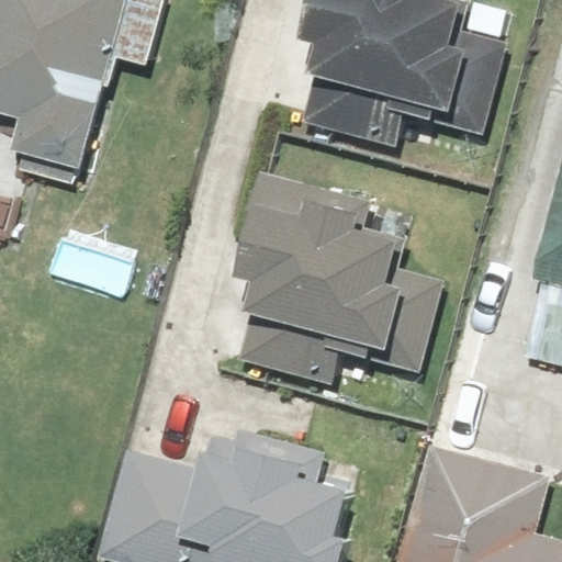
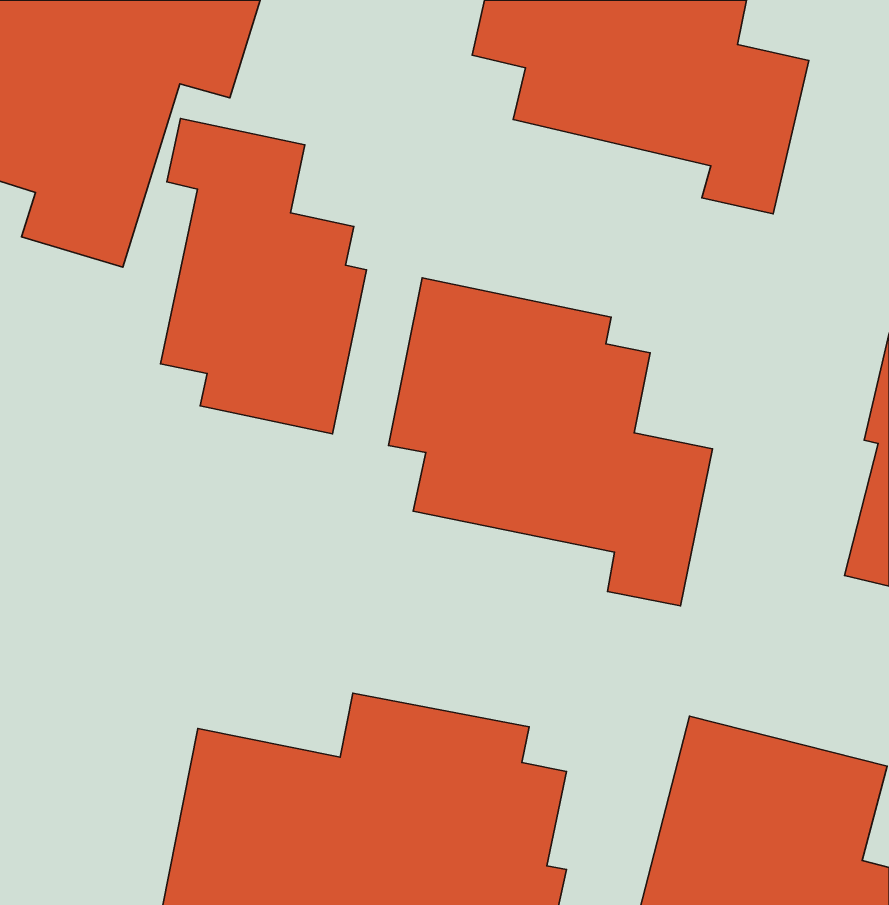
building: none -> [161,119,367,434]

